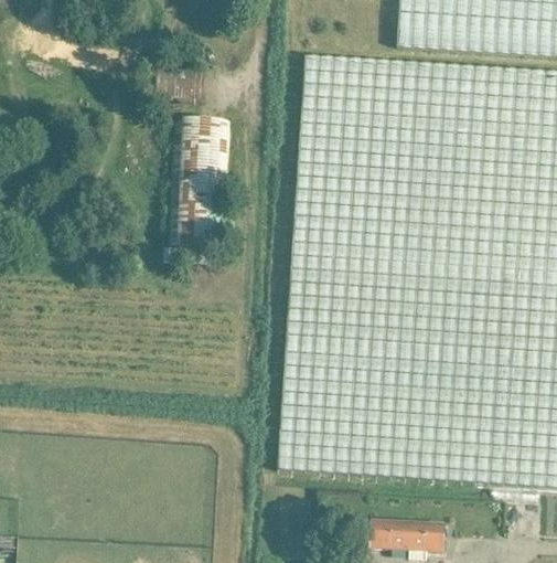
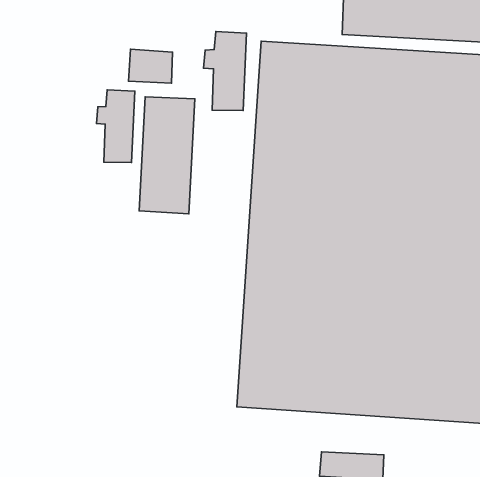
building: none -> [204,32,247,110]
building: none -> [96,90,135,162]

